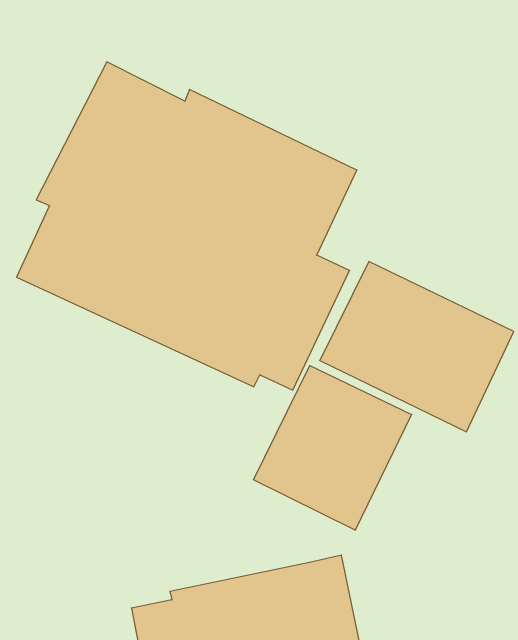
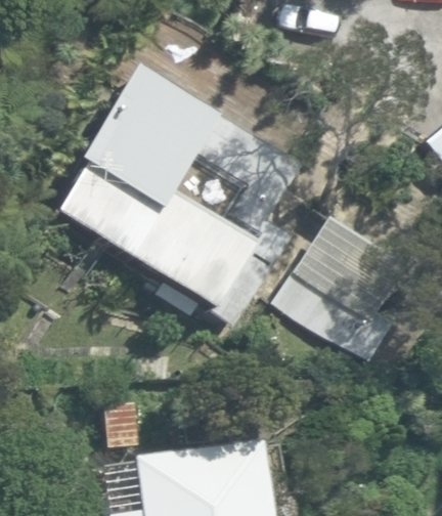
building: [254,366,412,530] -> none

